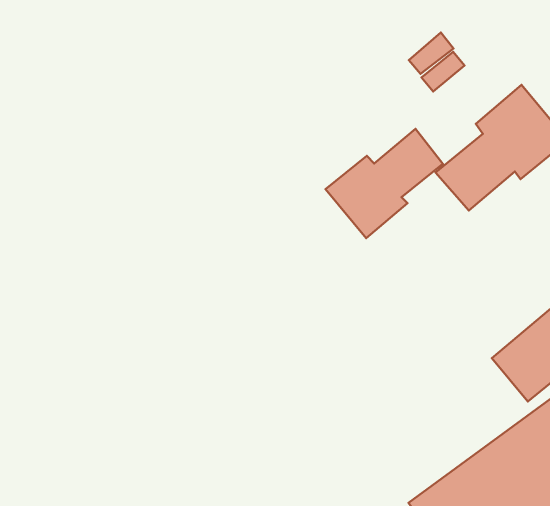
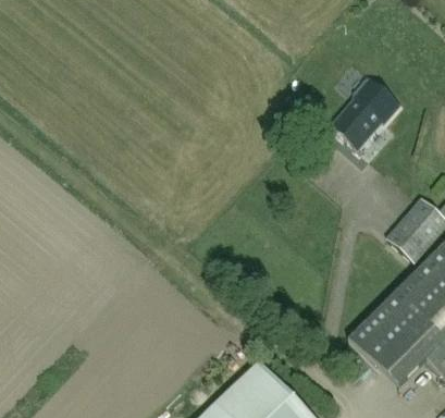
building: [326,129,443,238] -> none

